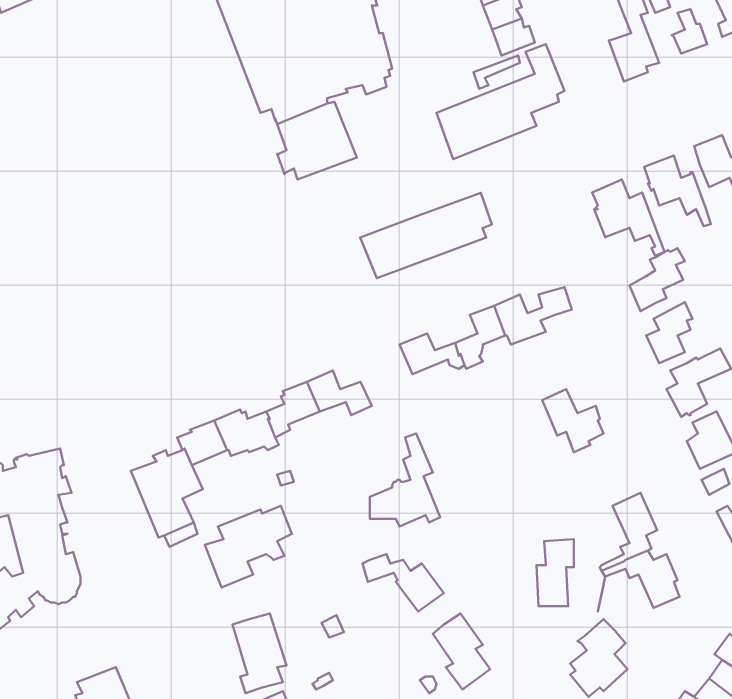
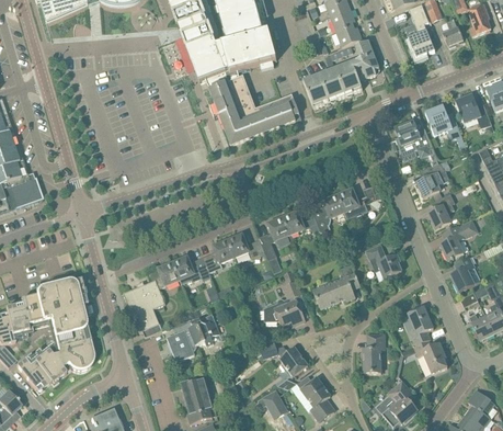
building: [360,193,492,278] -> [221,93,299,144]
building: none -> [259,217,289,259]
building: none -> [313,263,361,308]
building: none -> [258,388,288,417]

